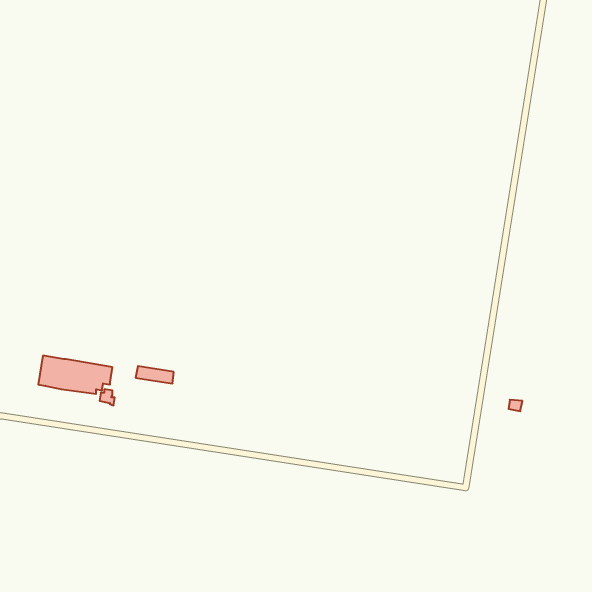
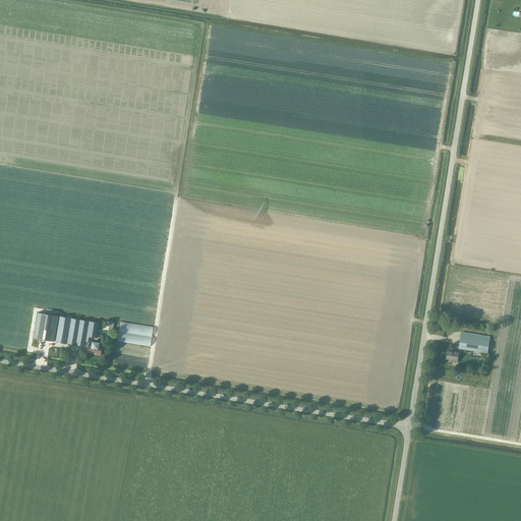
building: none -> [459,332,490,353]

